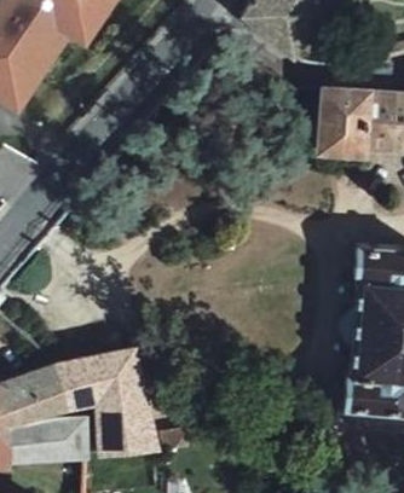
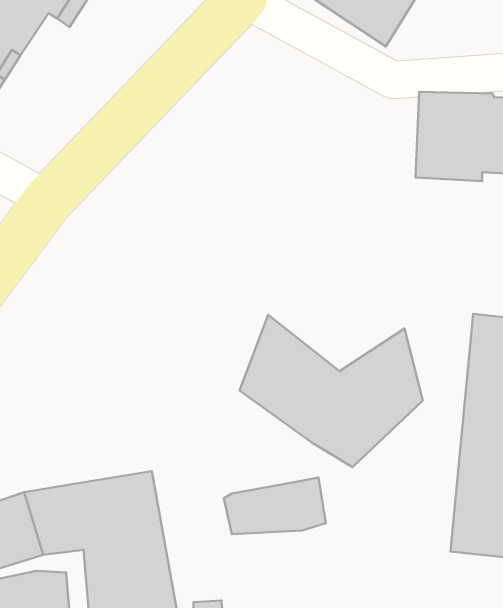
building: none -> [240,315,423,467]
building: none -> [224,478,326,534]

